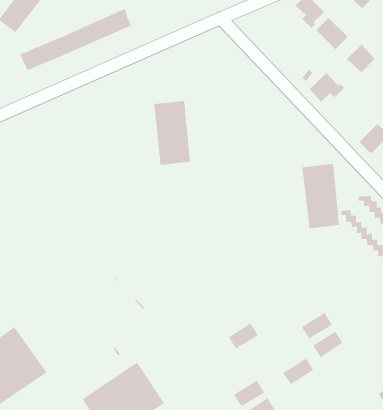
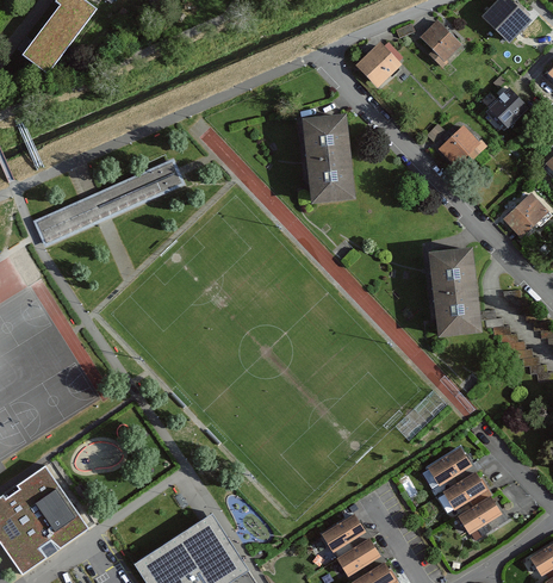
building: [19,8,132,71] -> [33,160,185,244]
building: none -> [356,43,400,87]
building: [315,17,348,50] -> none
building: [153,100,191,166] -> [303,116,353,204]
building: [228,322,259,350] -> [323,514,365,551]
building: [282,358,314,385] -> [458,496,501,533]

